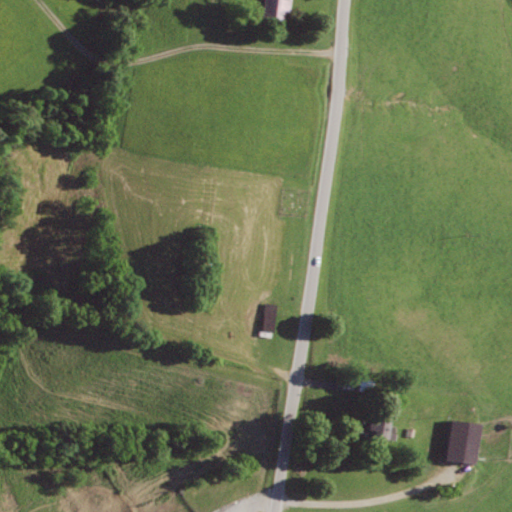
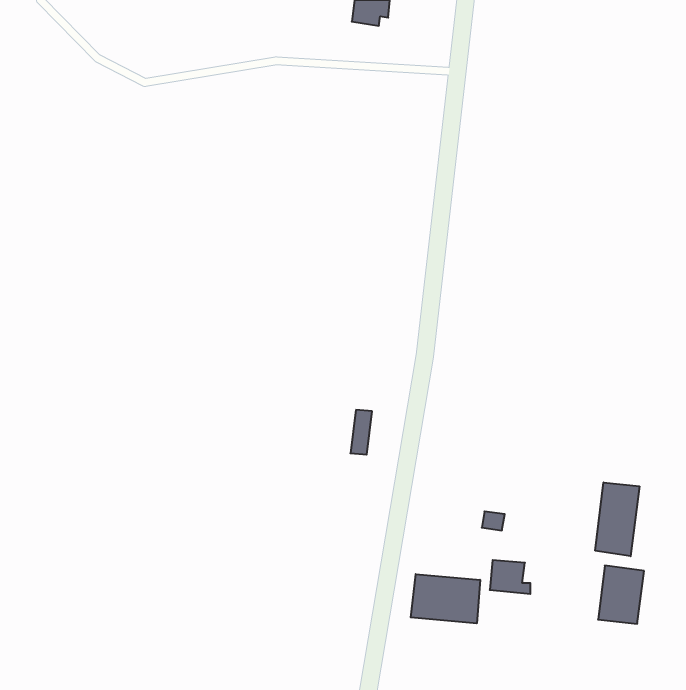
building: none -> [595,482,639,556]
building: none -> [411,574,480,623]

